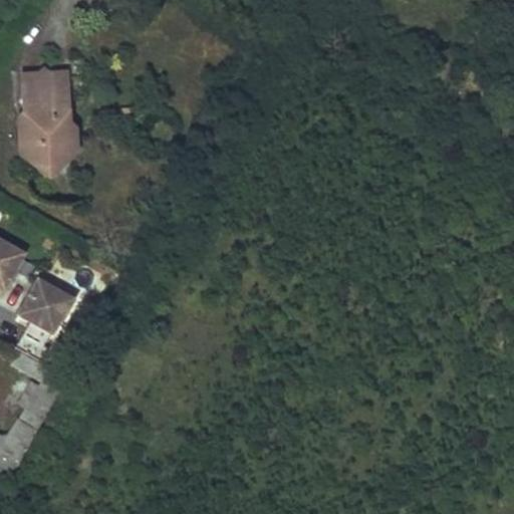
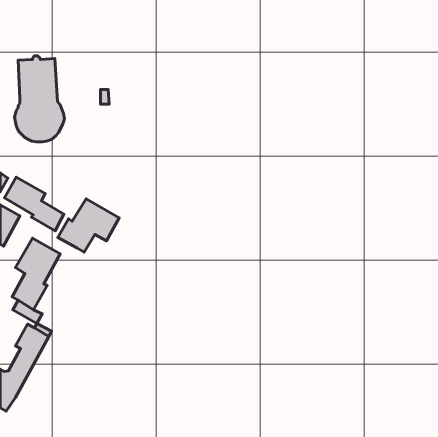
building: none -> [4,177,64,231]
building: none -> [58,199,119,252]

